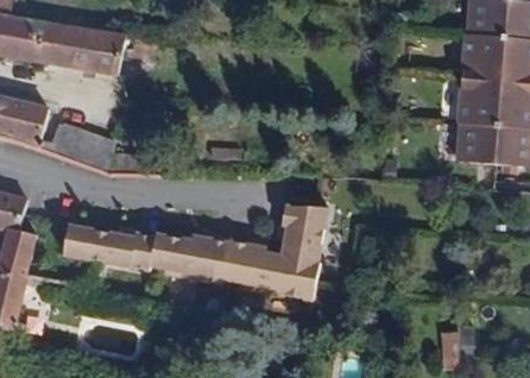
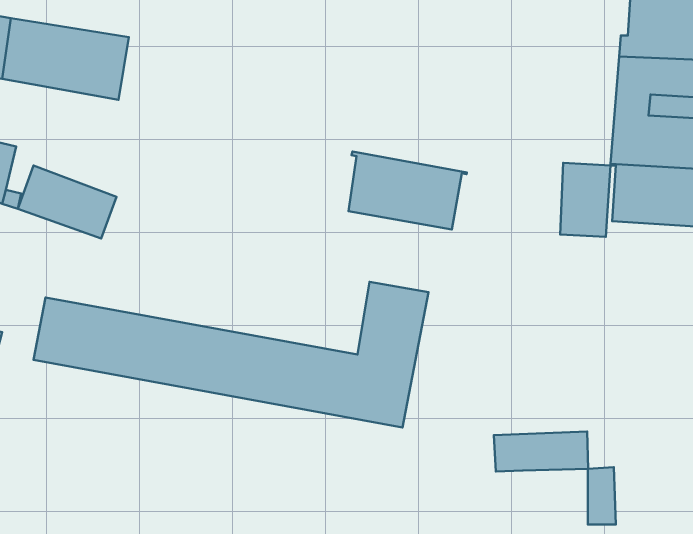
building: none -> [348,152,467,230]
building: none -> [560,163,611,237]
building: none -> [494,431,588,471]

